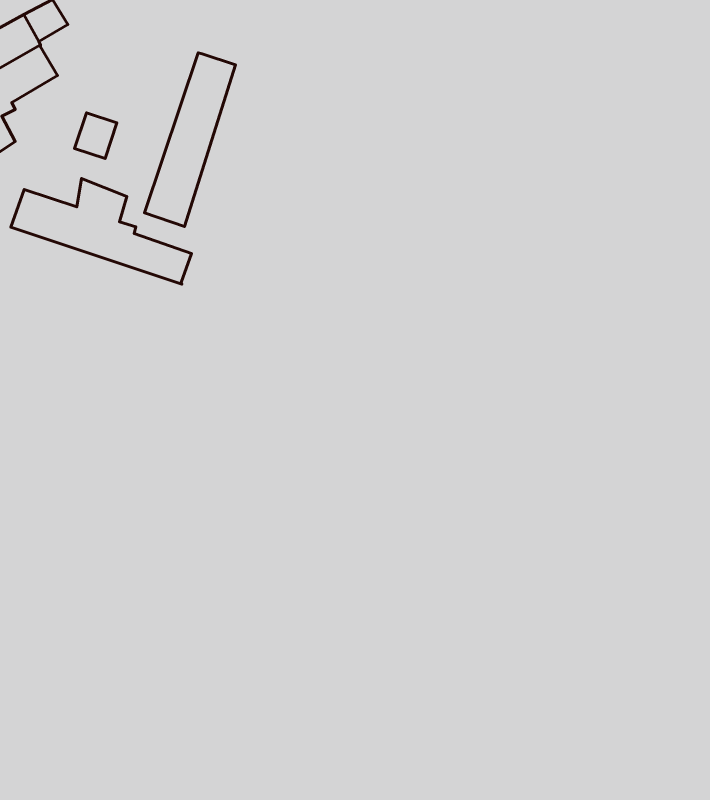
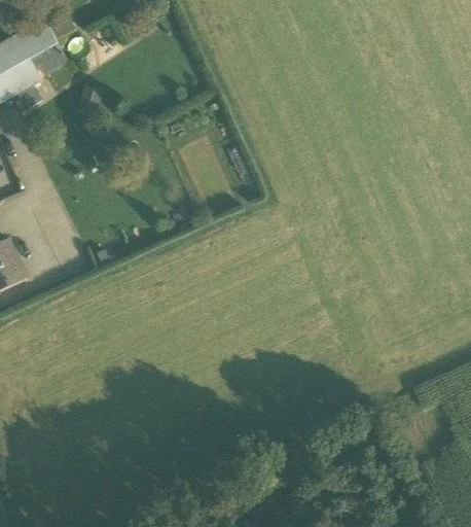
building: [145,53,236,227] -> none
building: [11,178,192,284] -> none

